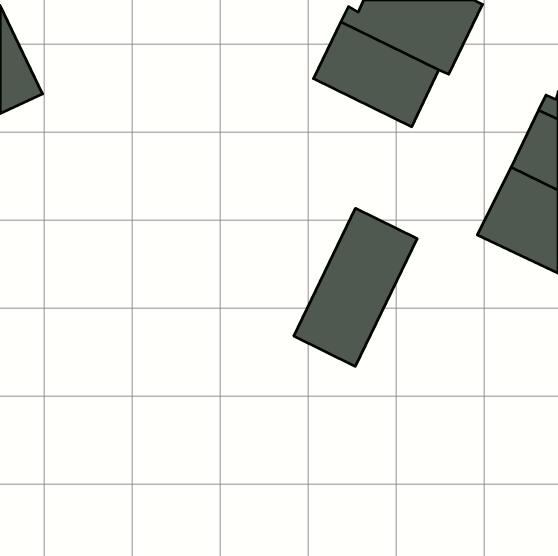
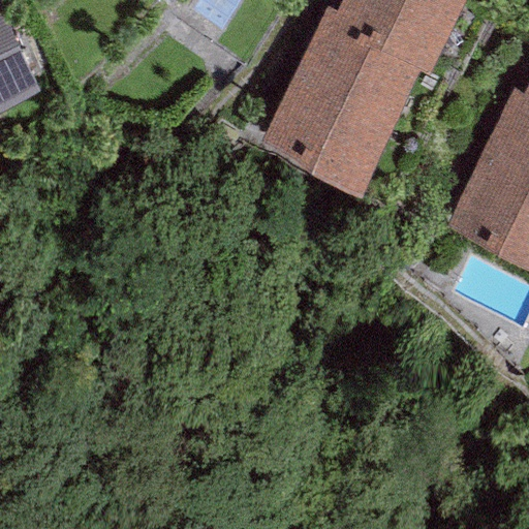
building: none -> [264,76,390,186]
building: [294,208,417,366] -> none

